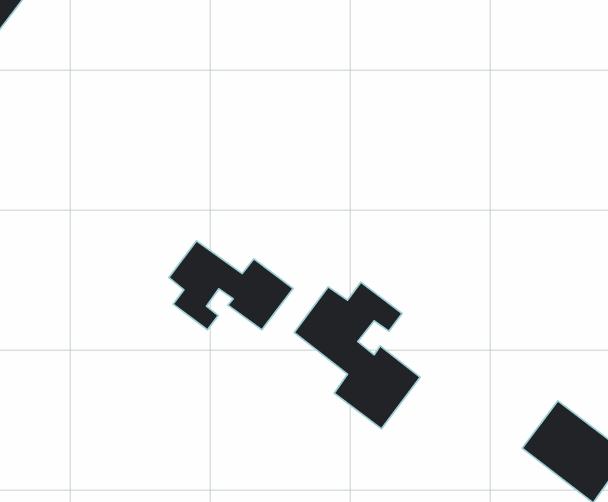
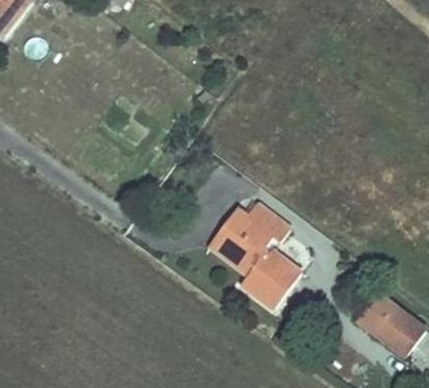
building: [169,241,293,330] -> none

